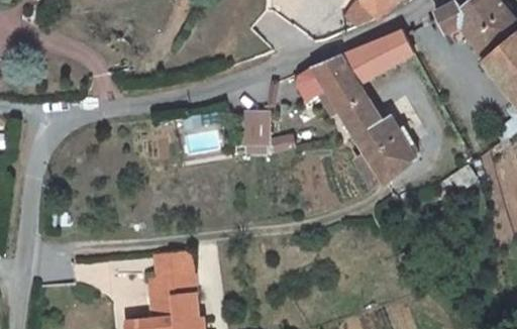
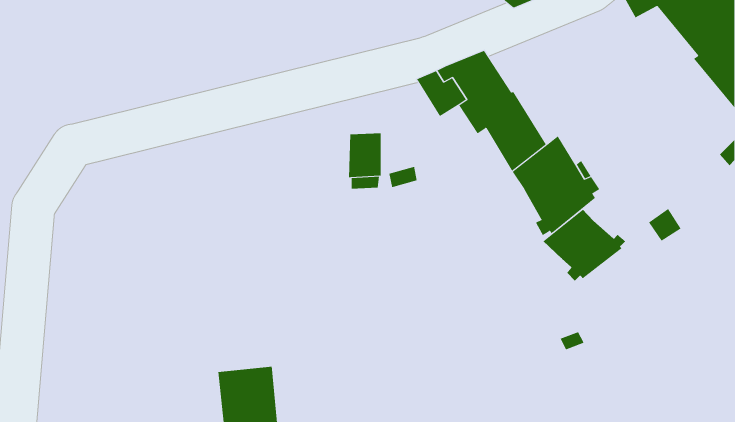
building: [338,29,413,85] -> none
building: none -> [543,209,626,282]
building: [149,252,191,280] -> none

